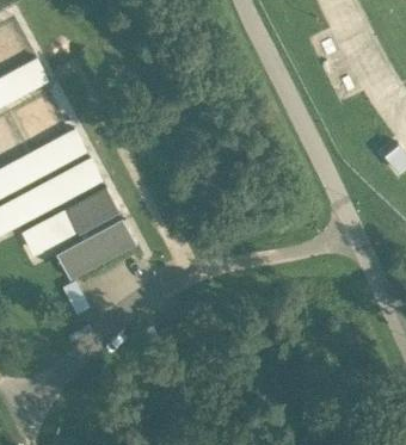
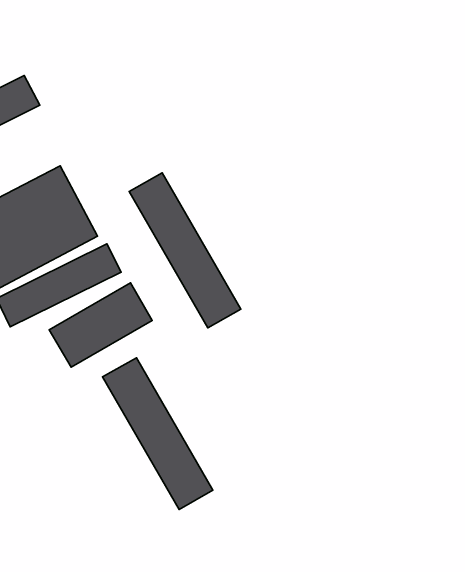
building: none -> [129,173,241,328]
building: none -> [103,358,213,510]

